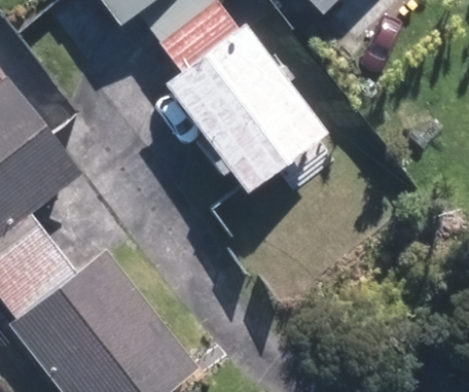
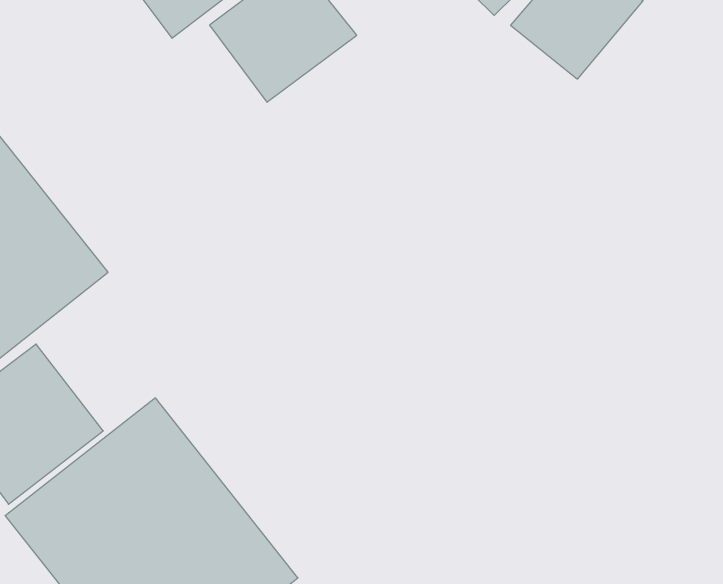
building: [167,28,325,192] -> none

